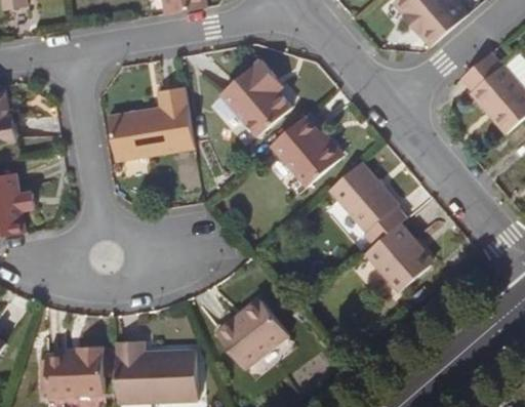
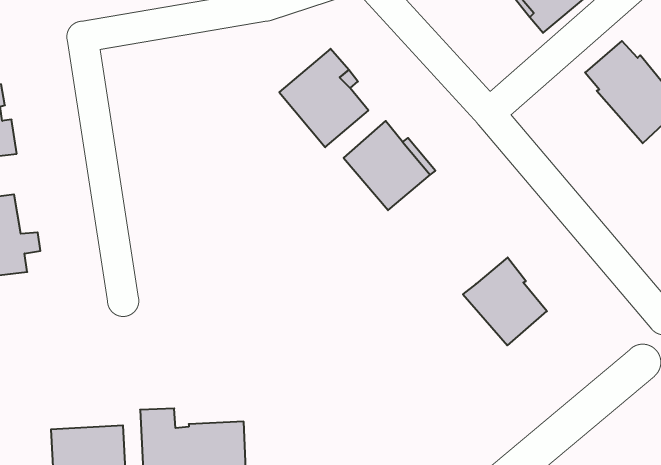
building: [110,88,195,160] -> none
building: [331,162,405,243] -> none
building: [214,298,287,371] -> none

